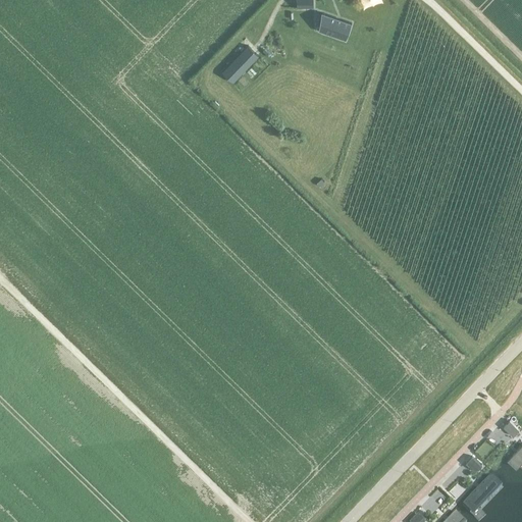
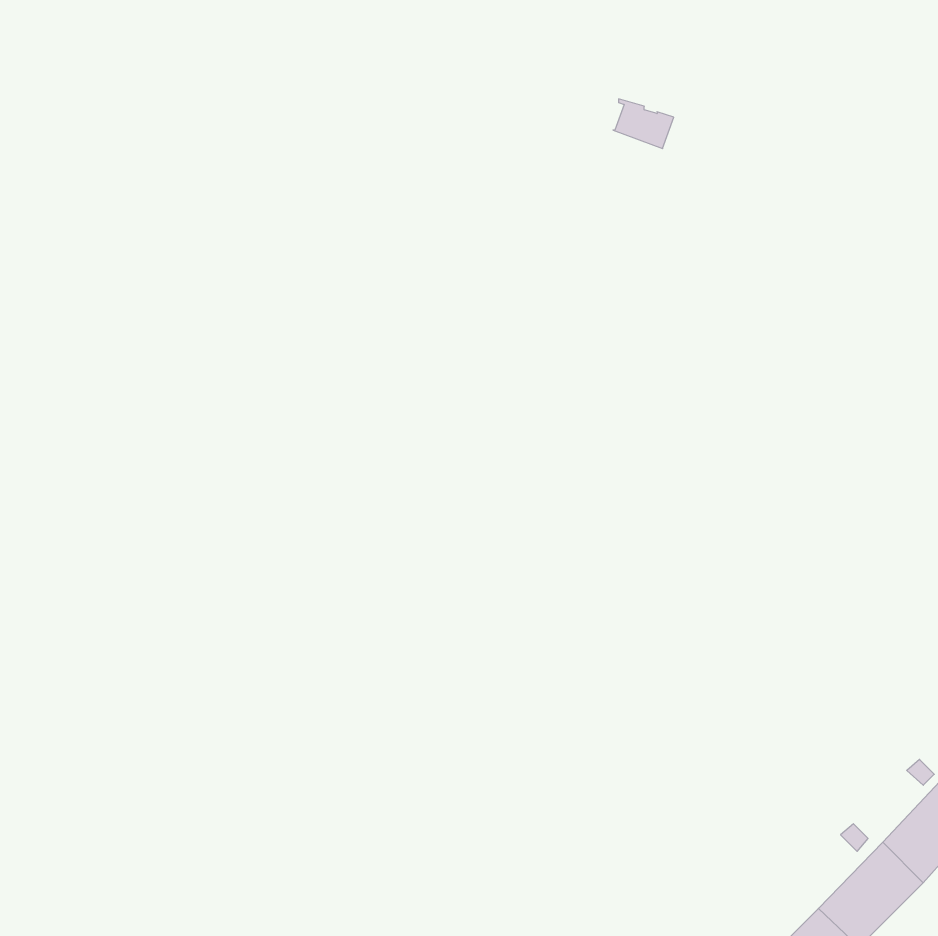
building: [319,15,353,43] -> [613,99,674,149]
building: [223,48,259,84] -> none

